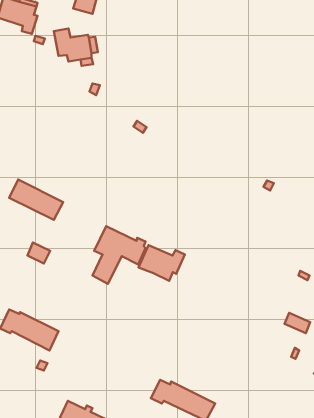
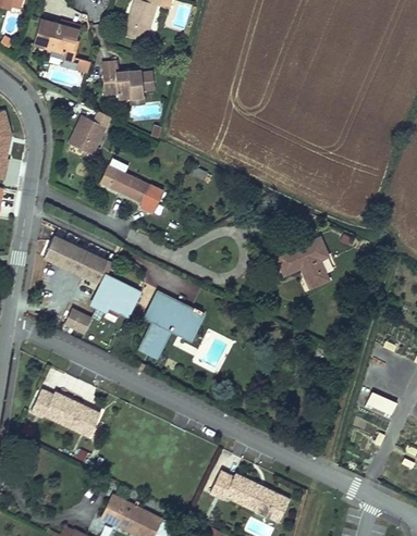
building: none -> [72,114,107,154]
building: none -> [100,153,165,214]
building: none -> [279,239,336,294]
building: none -> [97,276,138,315]
building: [138,245,185,281] -> none

